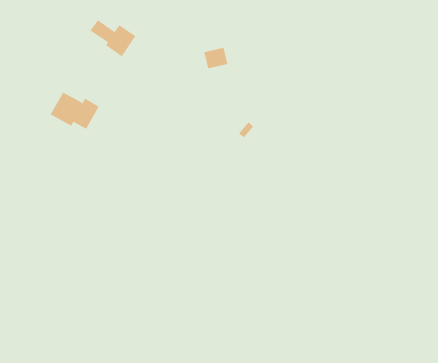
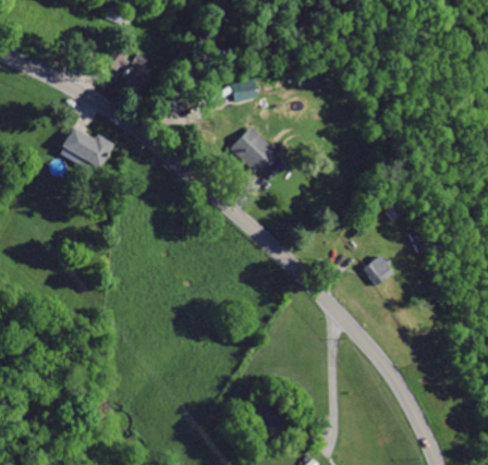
building: none -> [230,126,276,172]
building: none -> [364,255,393,285]

